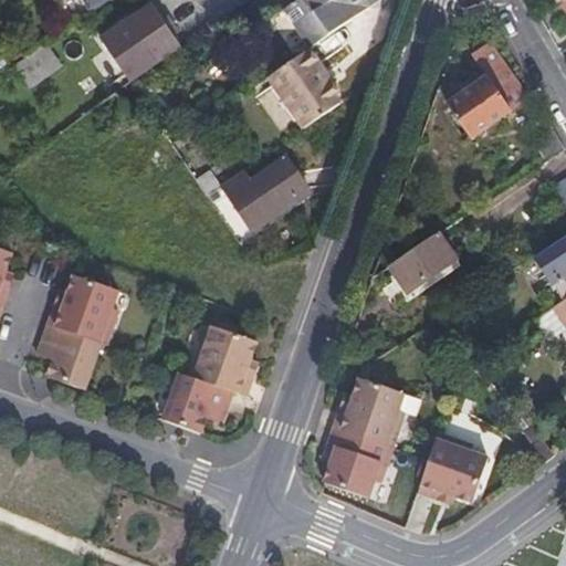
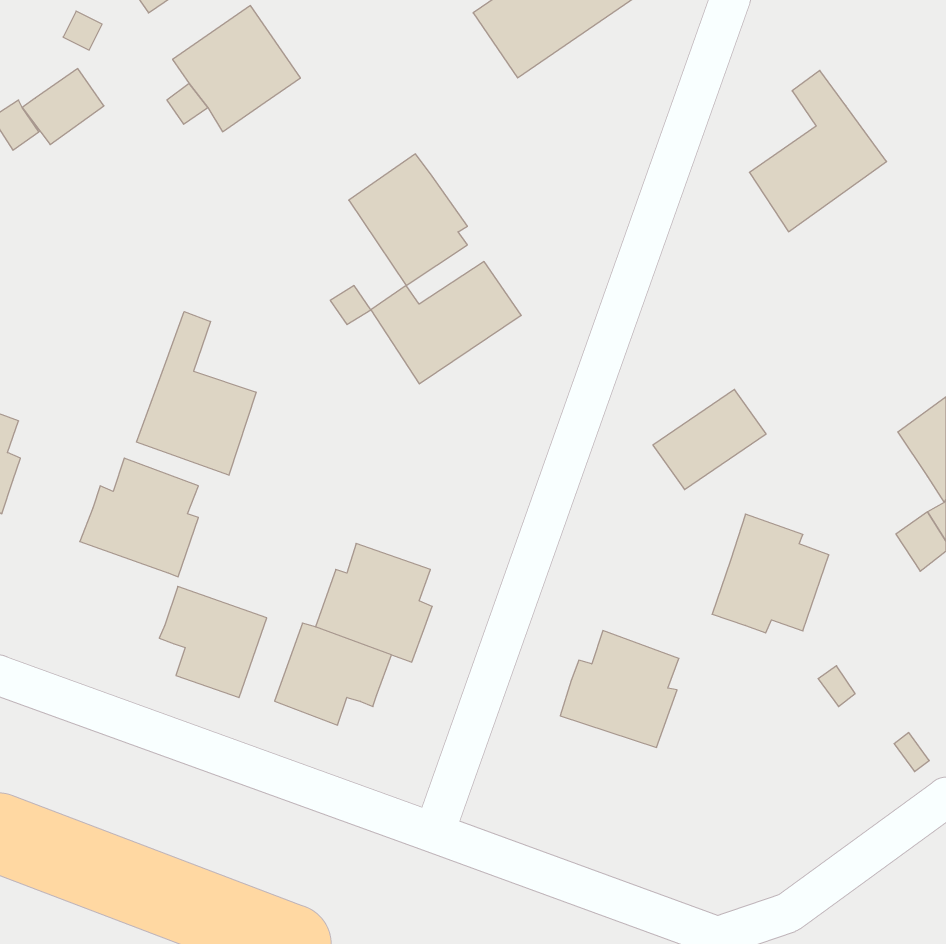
building: [271,48,342,126] -> [349,154,467,286]
building: none -> [136,312,256,475]
building: [36,323,101,389] -> [159,586,267,698]
building: [323,427,391,496] -> none
building: [418,431,488,502] -> [712,514,829,633]

